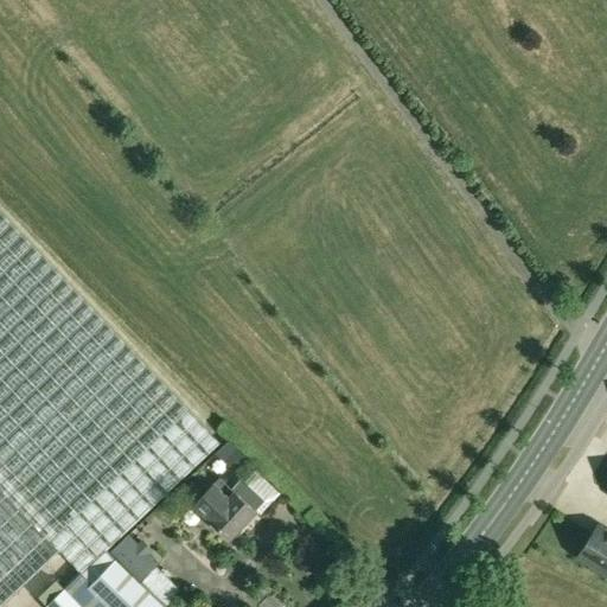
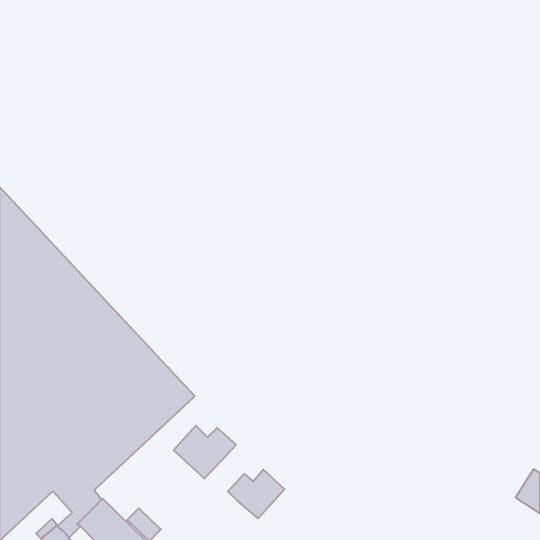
building: none -> [228,470,285,518]
building: [111,536,159,583] -> none

